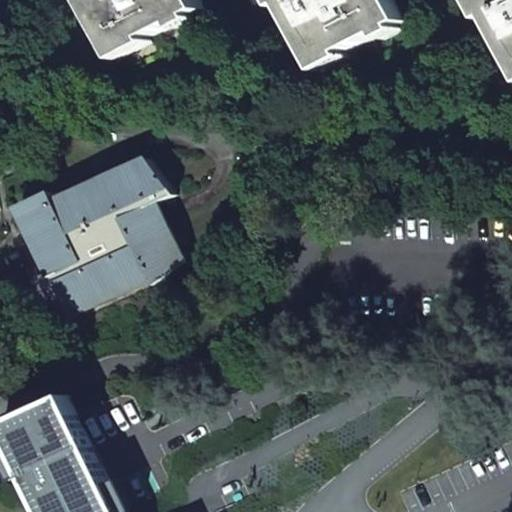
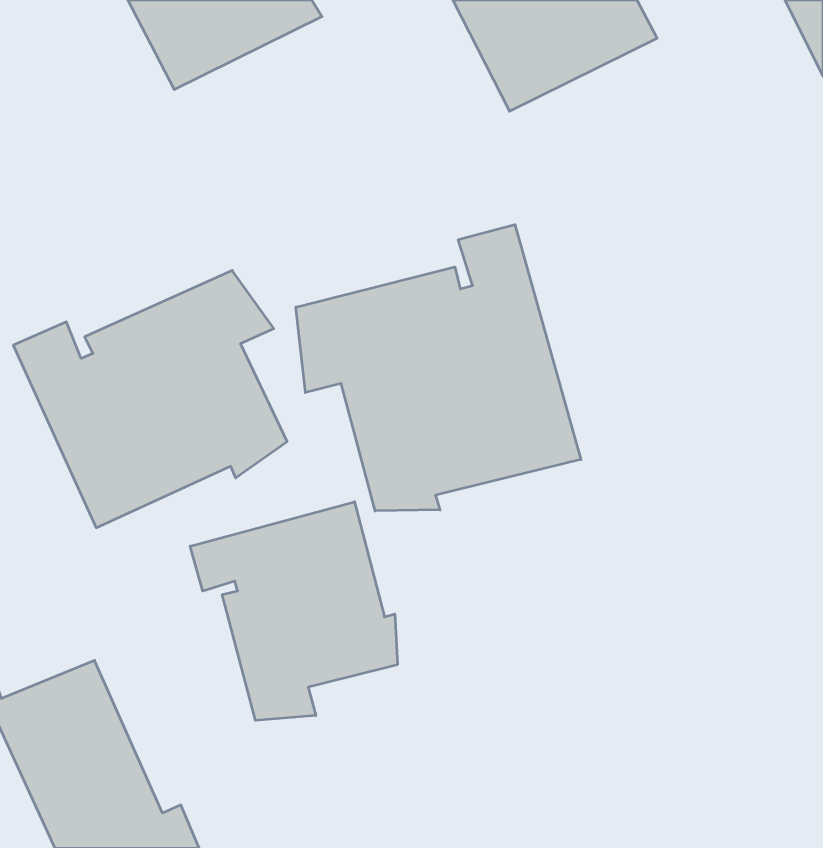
building: none -> [296,225,581,511]
building: none -> [190,502,397,720]

